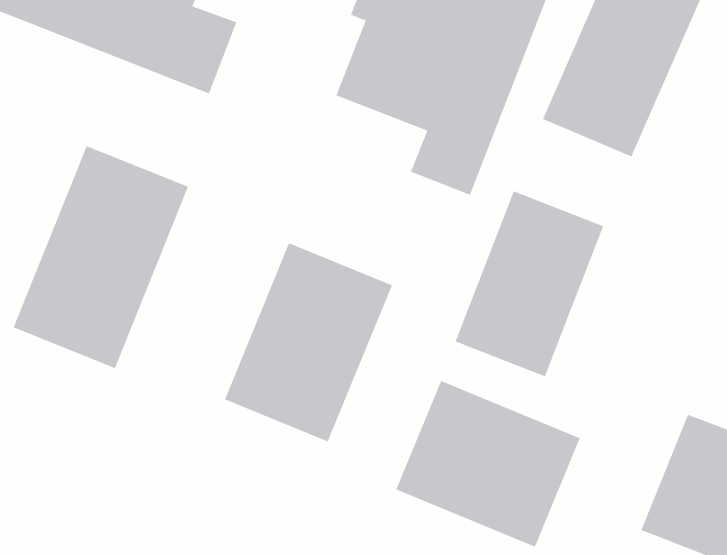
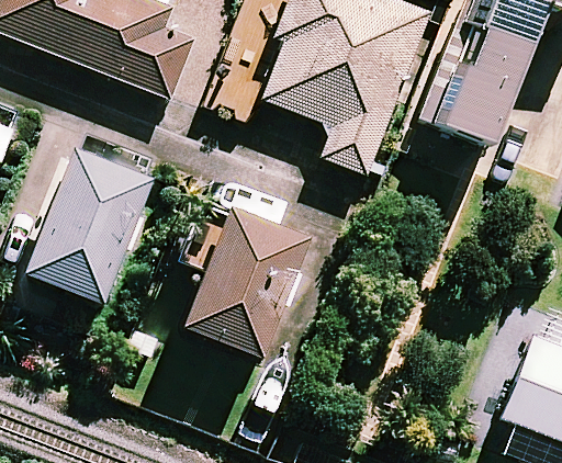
building: [455,190,604,377] -> none
building: [396,380,580,547] -> none

